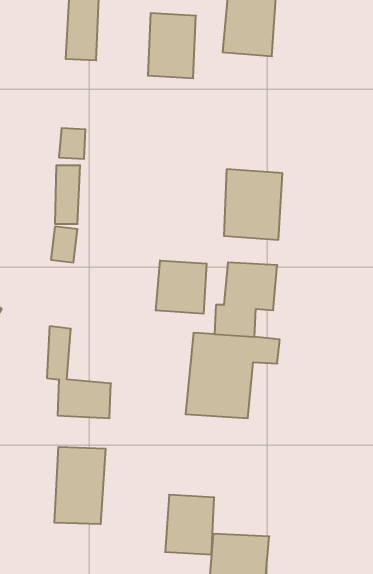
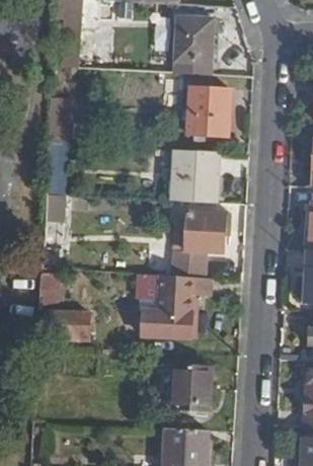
building: [148,13,196,78] -> [192,88,229,138]
building: [156,260,206,314] -> none
building: [55,447,106,524] -> none
building: [165,495,214,555] -> [173,364,211,409]

